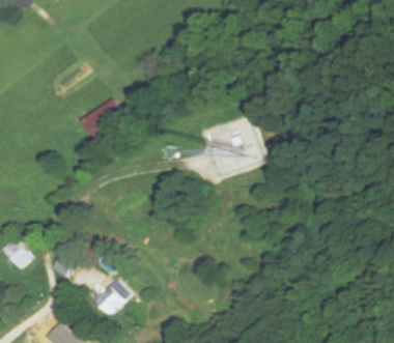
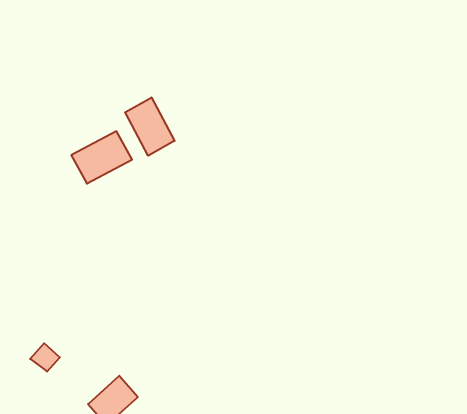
building: none -> [125,97,175,156]

